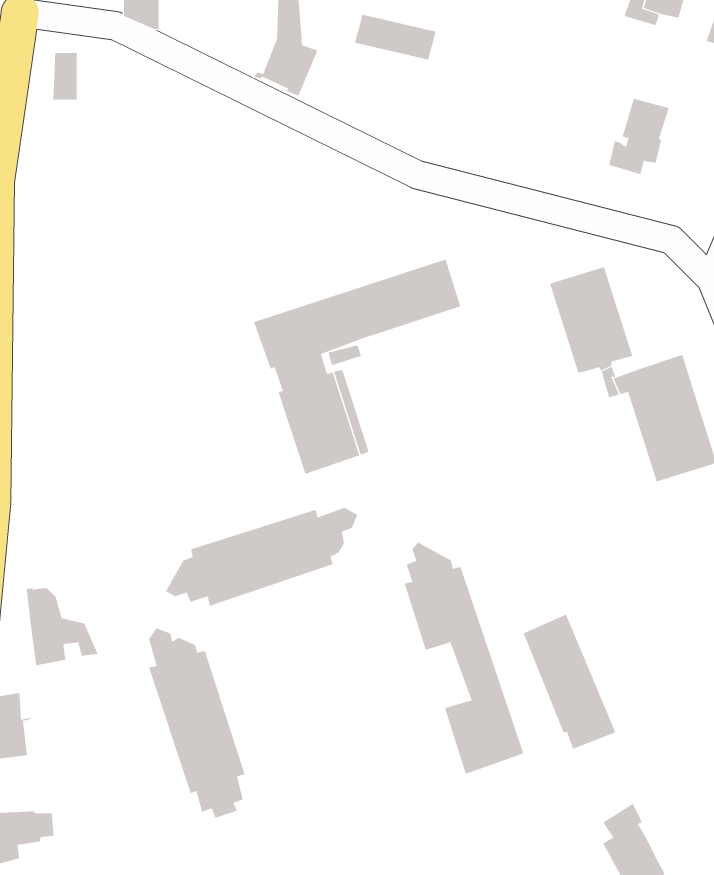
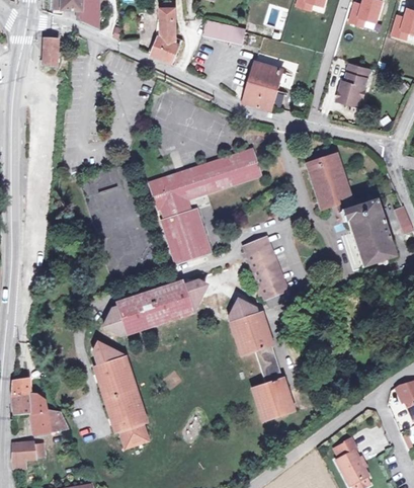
building: none -> [244,60,282,108]
building: [26,587,99,666] -> [28,393,67,434]
building: [523,614,616,750] -> [243,236,293,308]

